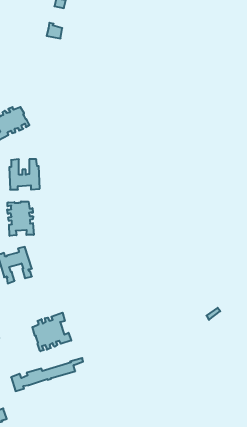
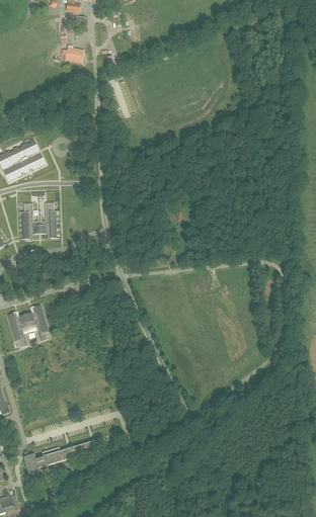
building: [7,201,34,236] -> none
building: [32,313,71,351] -> none

